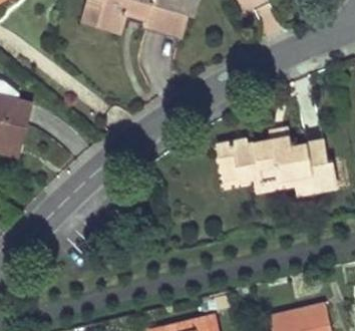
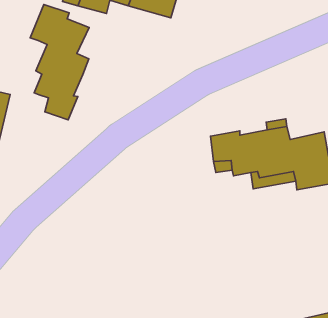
building: none -> [30,5,89,120]

